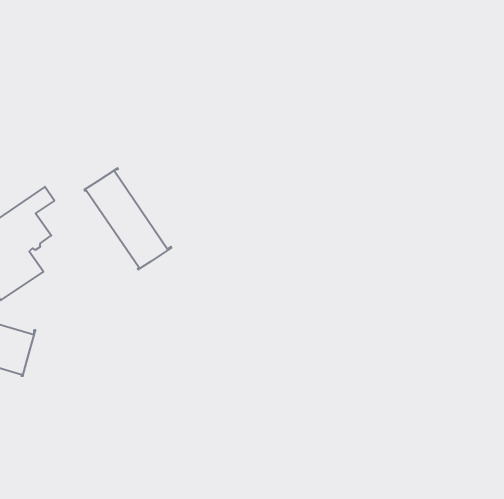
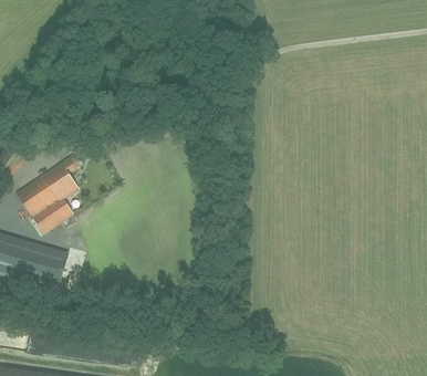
building: [84,168,171,270] -> none

